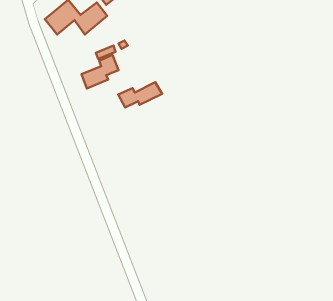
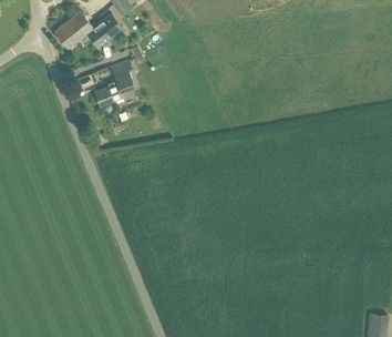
building: [118,82,162,108] -> none

